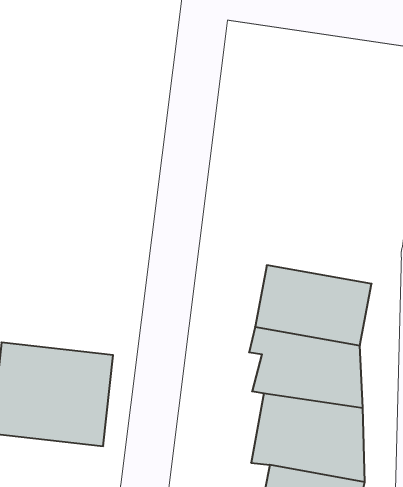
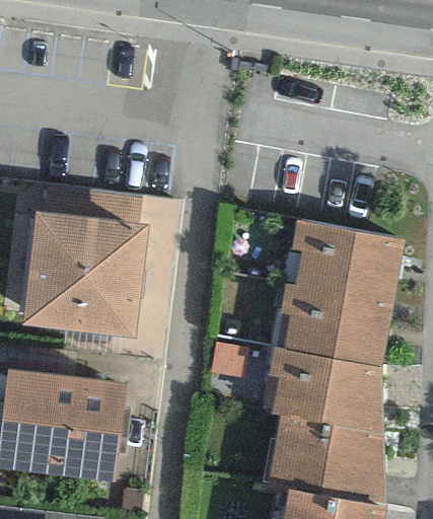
building: none -> [22,211,146,335]
building: none -> [284,226,404,307]

